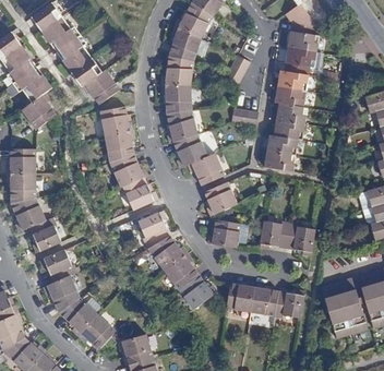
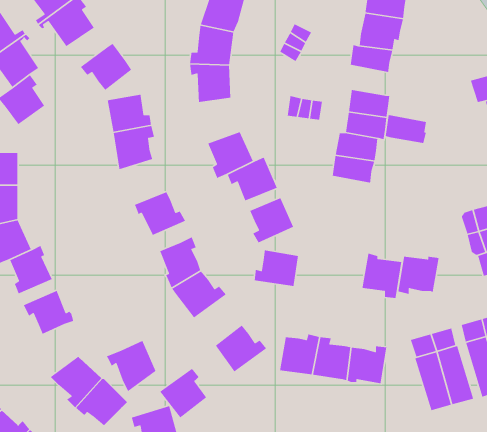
building: [65,58,101,86] -> none
building: [275,85,305,107] -> [385,114,427,144]
building: [167,109,197,143] -> none
building: [109,154,147,187] -> none
building: [260,220,290,249] -> [397,256,439,295]
building: [164,252,199,289] -> [159,368,207,419]
building: [43,274,80,312] -> [105,340,156,392]

